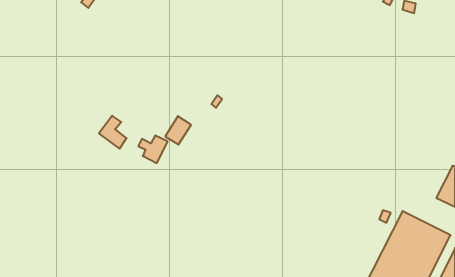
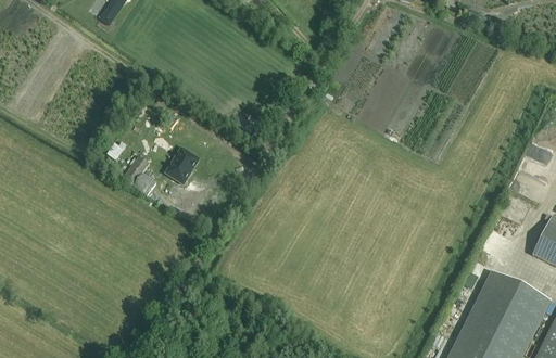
building: [165,116,191,145] -> [166,149,198,183]

